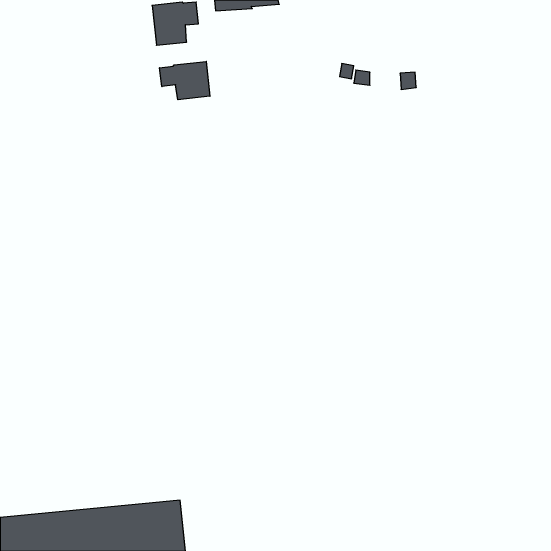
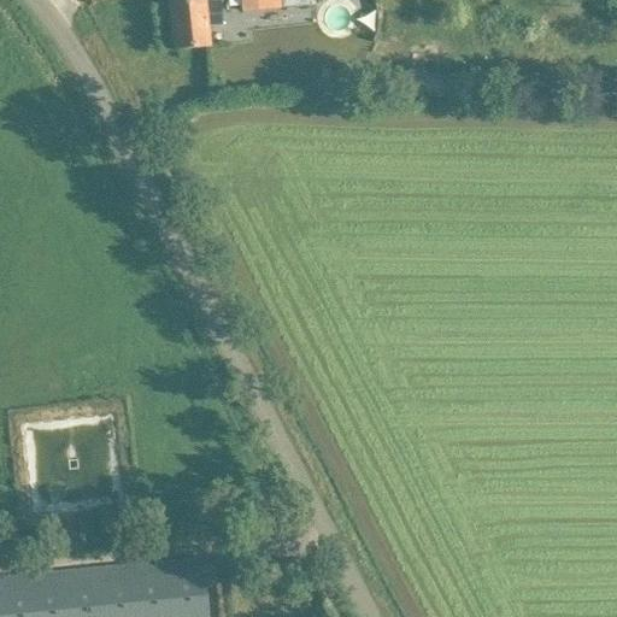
building: [160,61,210,100] -> none

